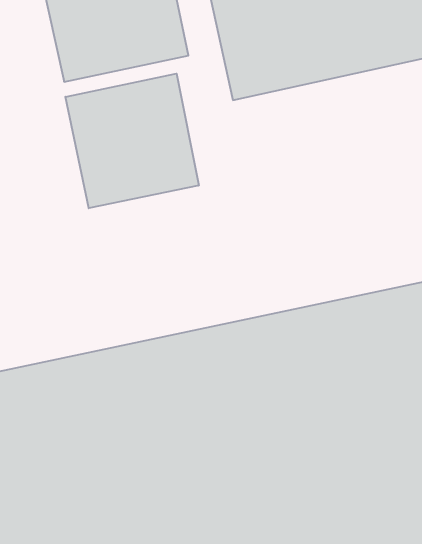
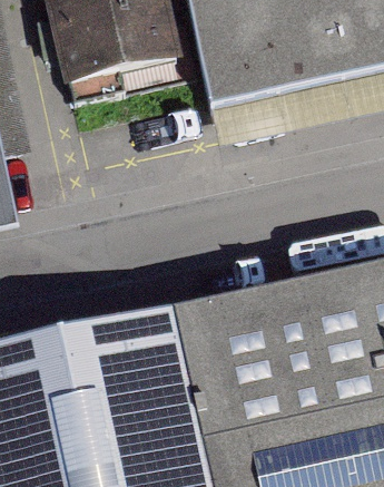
building: [65,74,199,208] -> none

